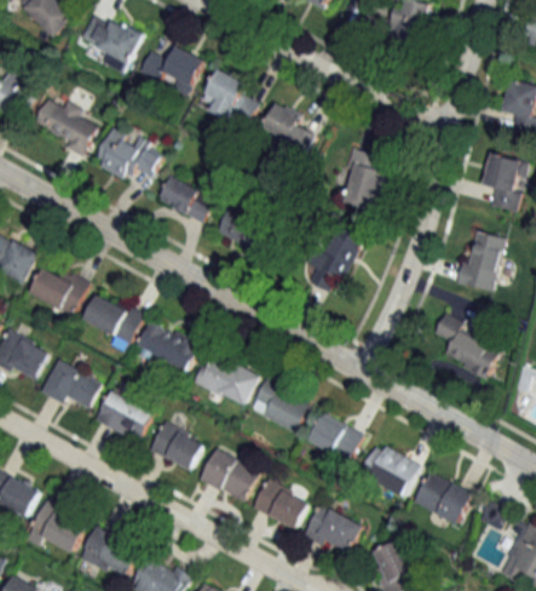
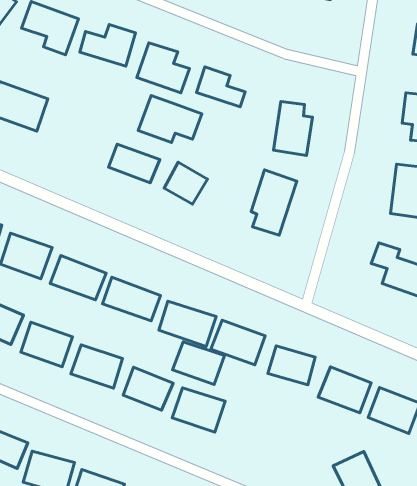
building: [92,126,163,179] -> [138,96,202,142]
building: [250,478,309,528] -> [173,342,224,384]
building: [304,503,362,555] -> none

